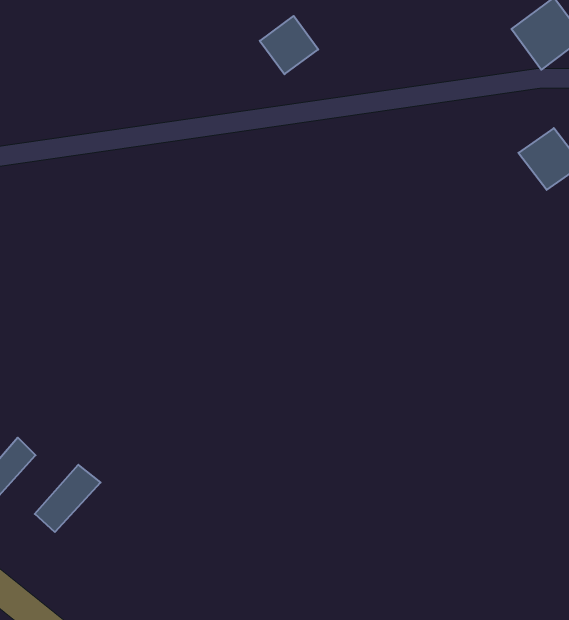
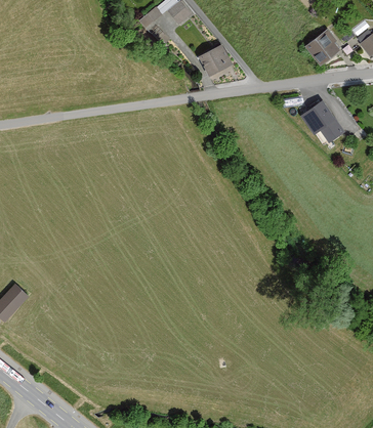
building: [260,16,318,74] -> [198,45,232,79]
building: [35,465,101,532] -> none

